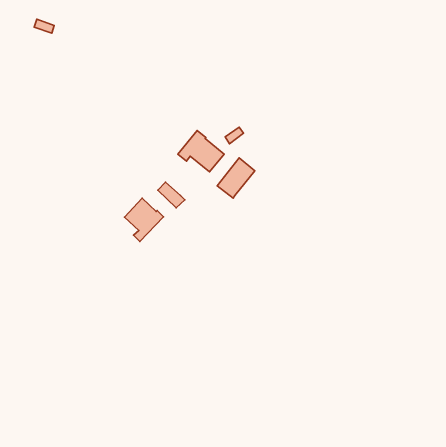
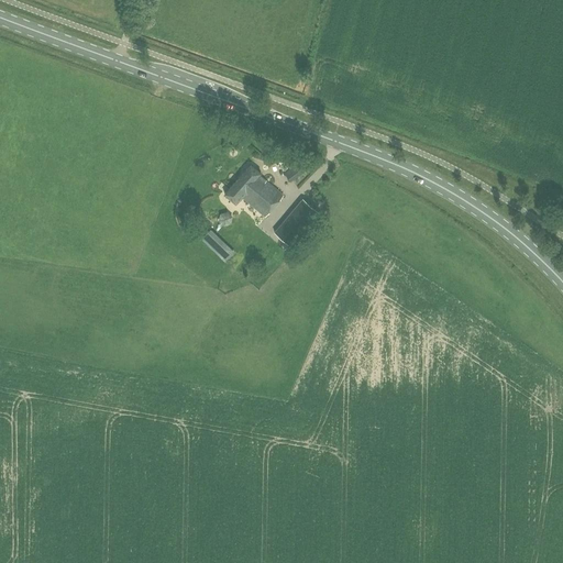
building: [125,198,163,241] -> none

